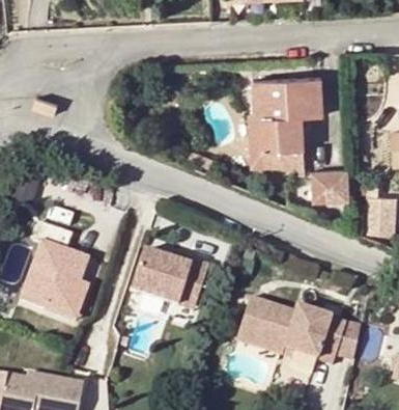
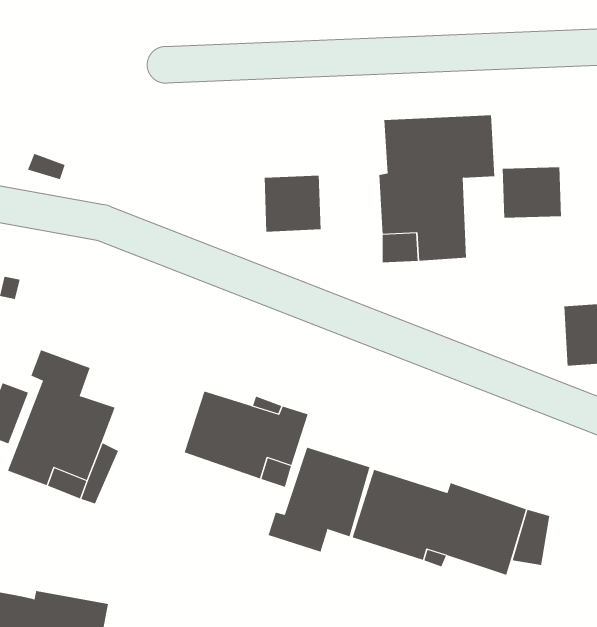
building: none -> [264,175,321,232]
building: [313,170,350,202] -> [502,167,562,218]
building: none -> [268,447,370,552]

